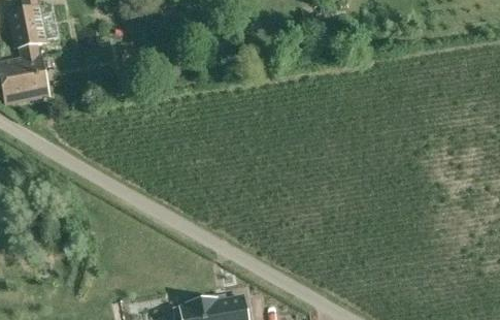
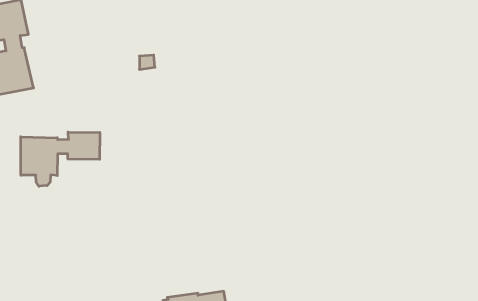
building: none -> [21,132,100,186]

